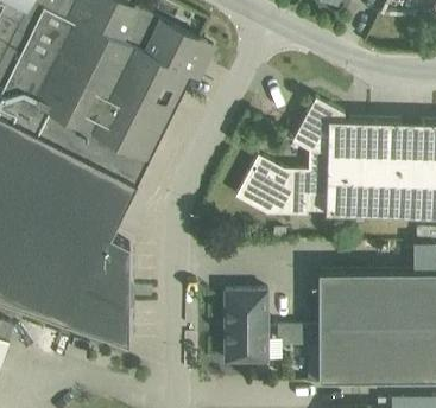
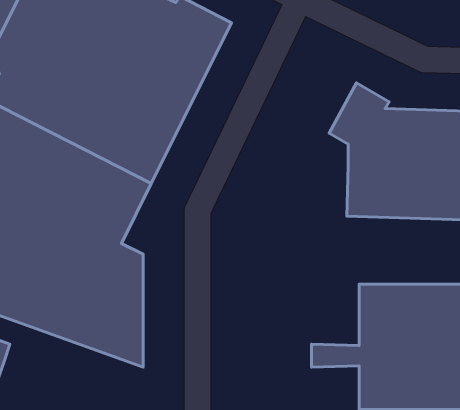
building: [235,159,309,217] -> none
building: [225,292,267,363] -> none

